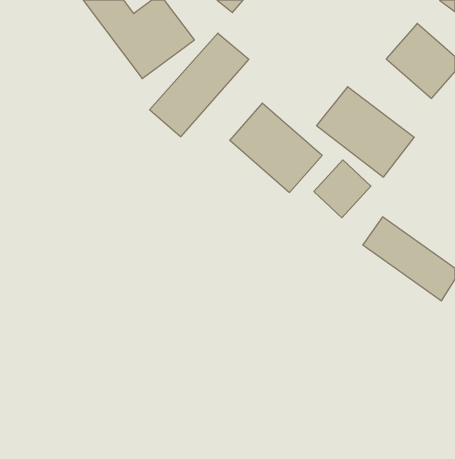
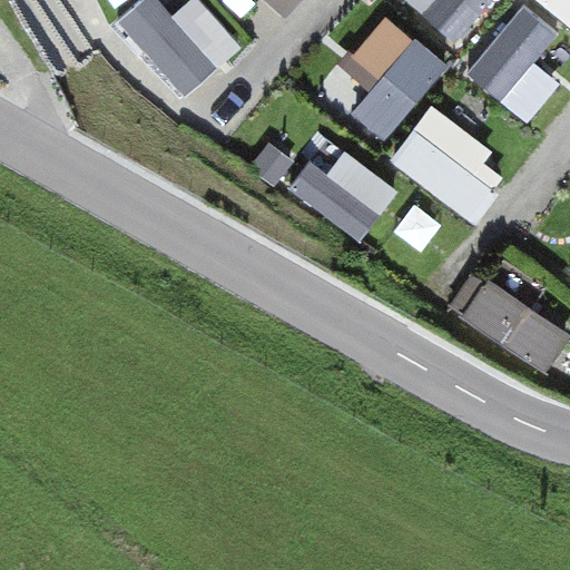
building: none -> [351,14,445,139]
building: [150,33,249,137] -> none

